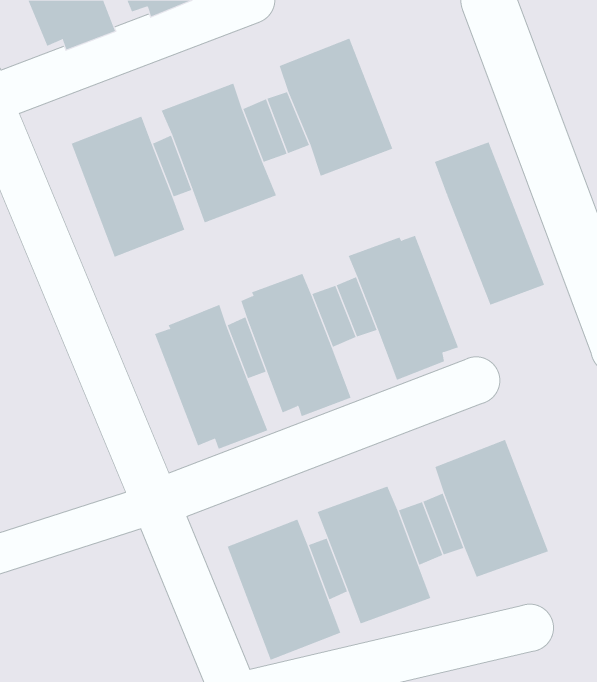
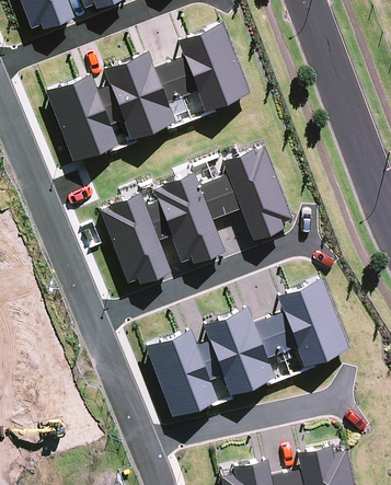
building: [434,141,545,306] -> none

